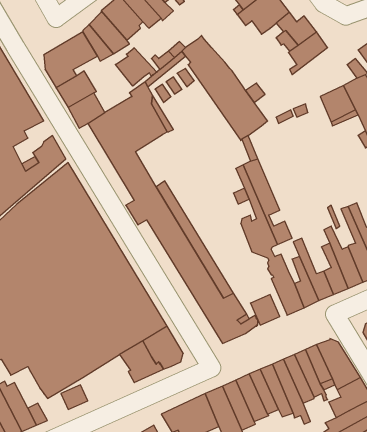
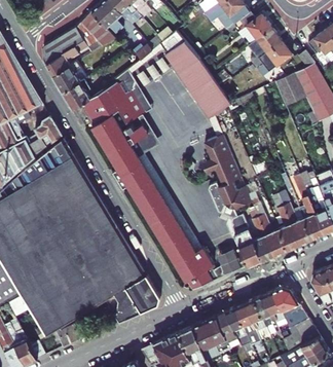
building: none -> [251,41,291,69]
building: [115,48,157,86] -> none
building: none -> [119,114,159,158]

